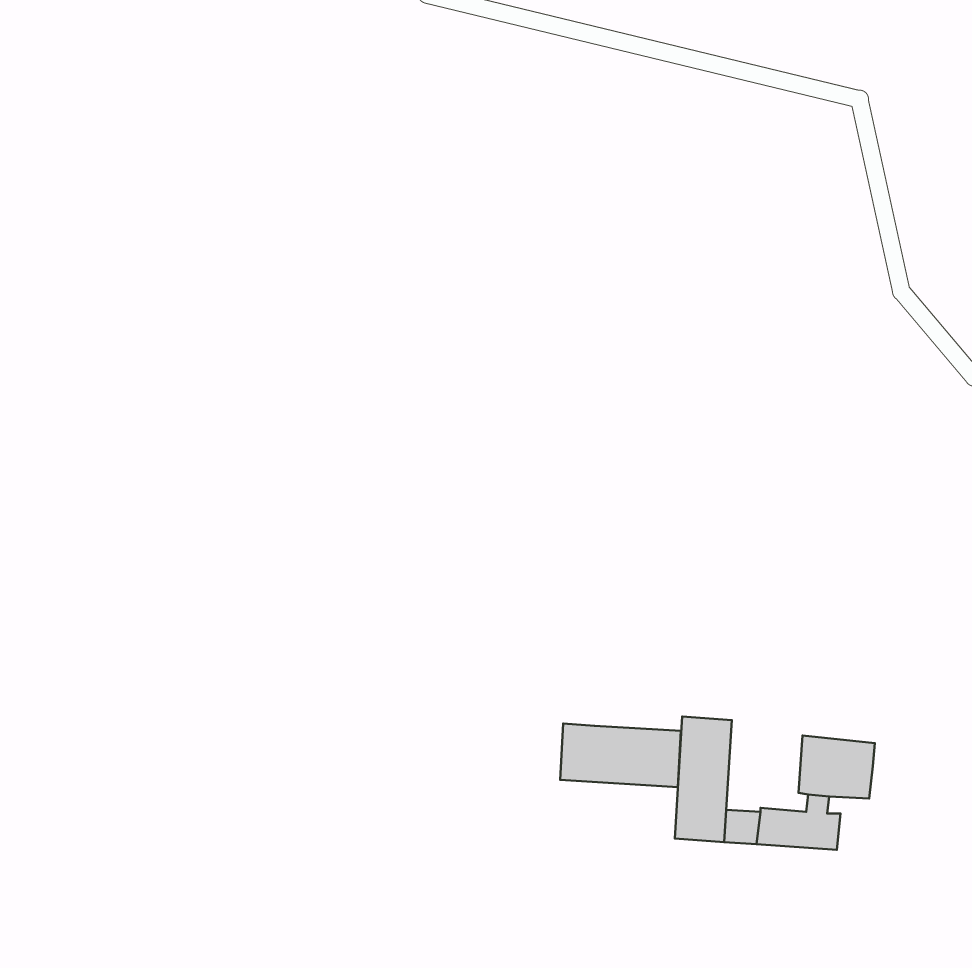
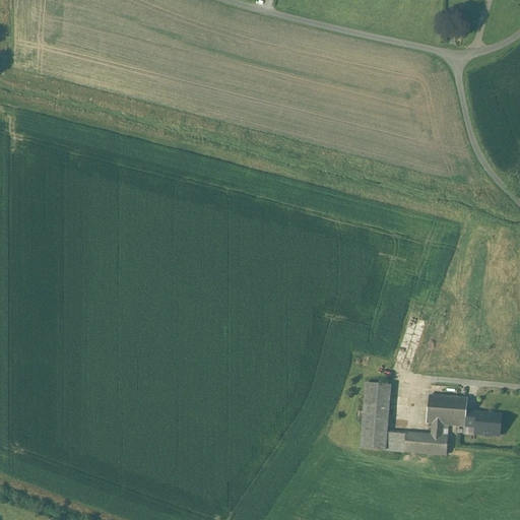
building: [560,724,681,787] -> none
building: none -> [464,408,502,436]

